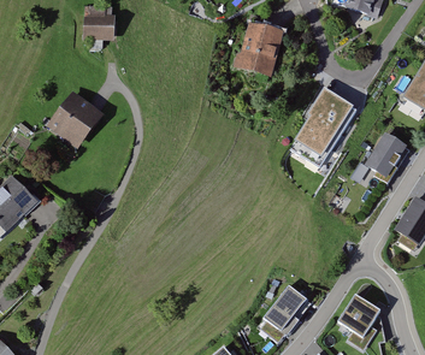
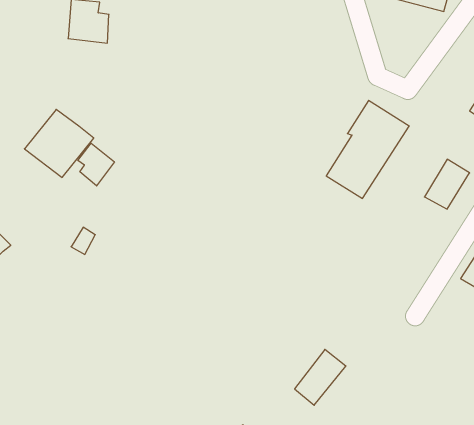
building: [236,23,287,78] -> none
building: none -> [78,143,114,186]
building: [337,294,379,337] -> none

